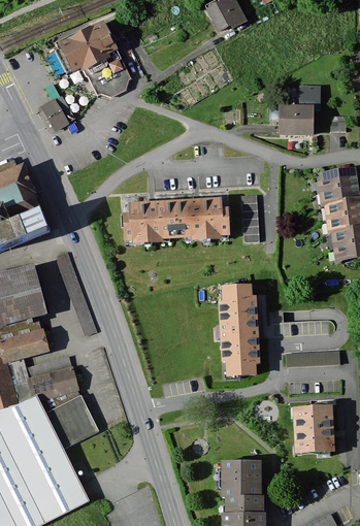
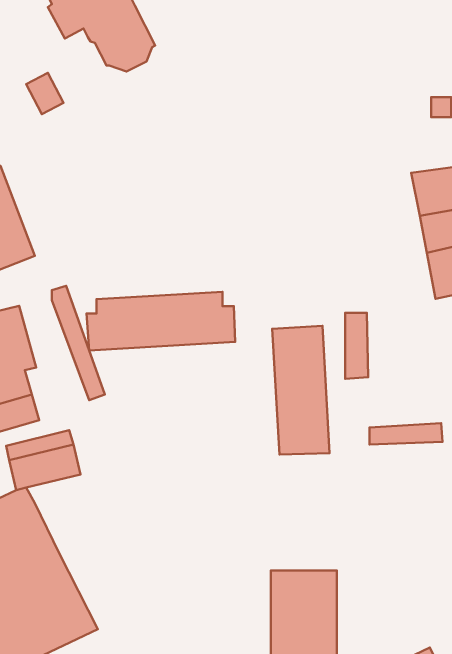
building: [280,86,320,134] -> none
building: [244,193,261,240] -> [345,313,368,379]
building: [122,197,229,239] -> [86,292,235,351]
building: [45,393,98,446] -> none
building: [294,407,329,455] -> none

